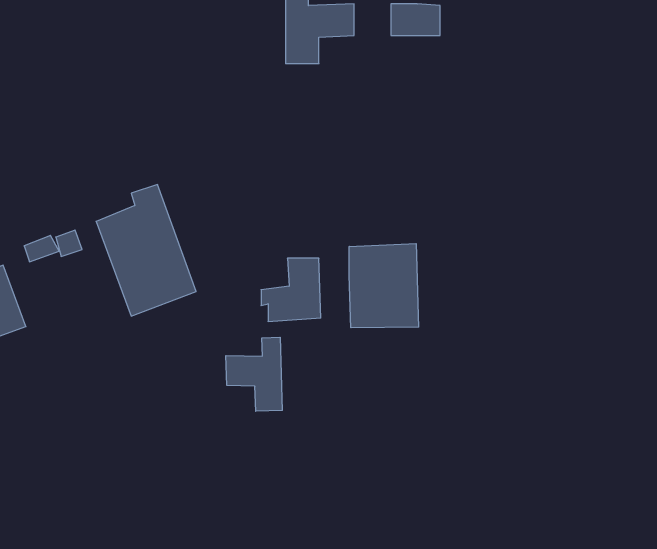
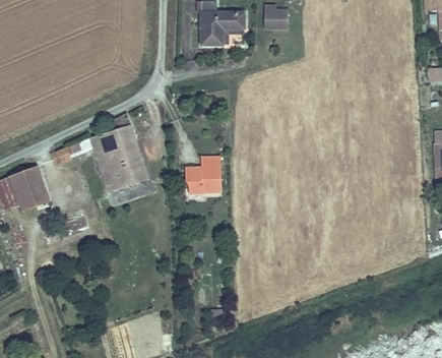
building: [349,244,419,328] -> none
building: [226,337,282,411] -> none

